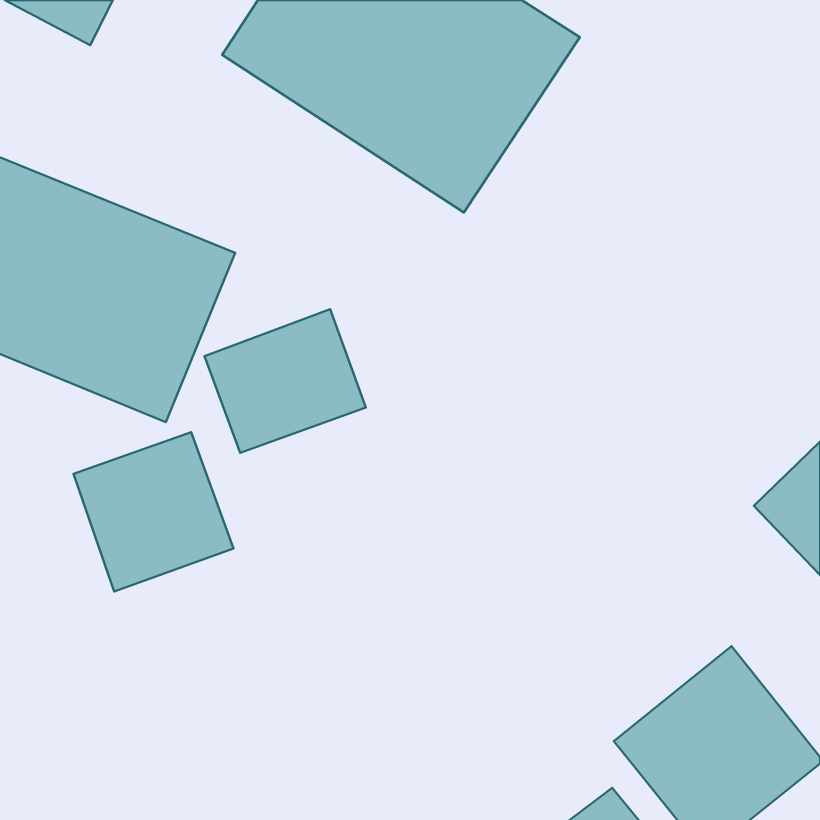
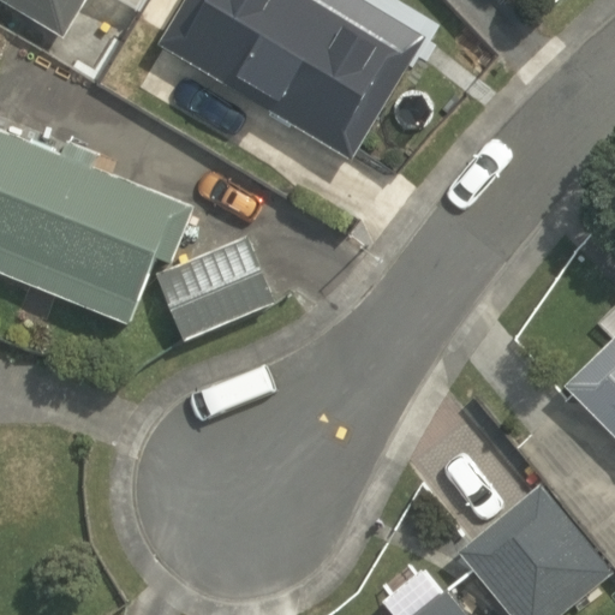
building: [74,432,233,592] -> none

